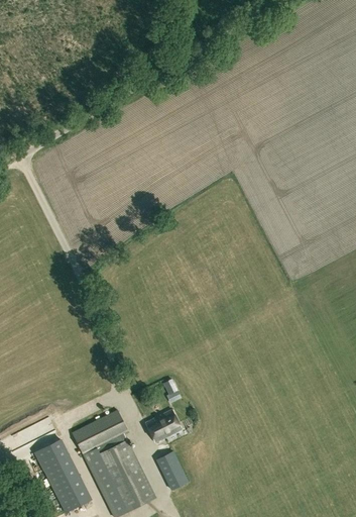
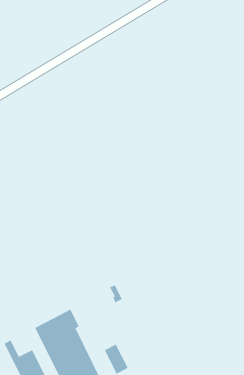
building: [145,409,182,442] -> none
building: [44,439,71,468] -> none

